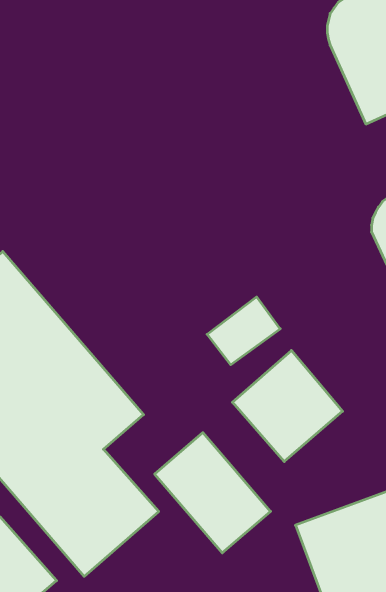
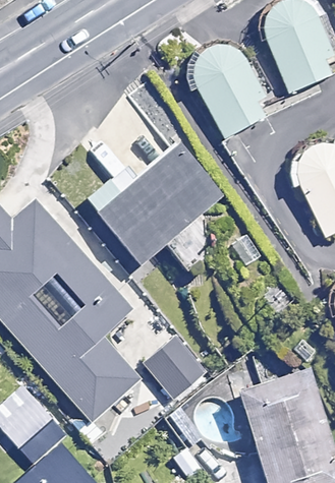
building: none -> [191,45,266,139]
building: none -> [87,139,221,268]
building: [232,350,343,462] -> none

